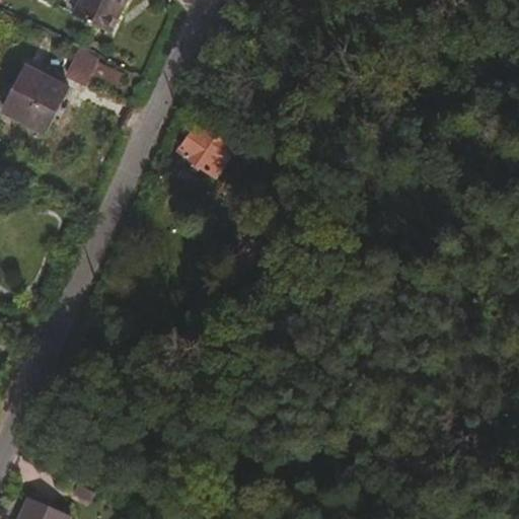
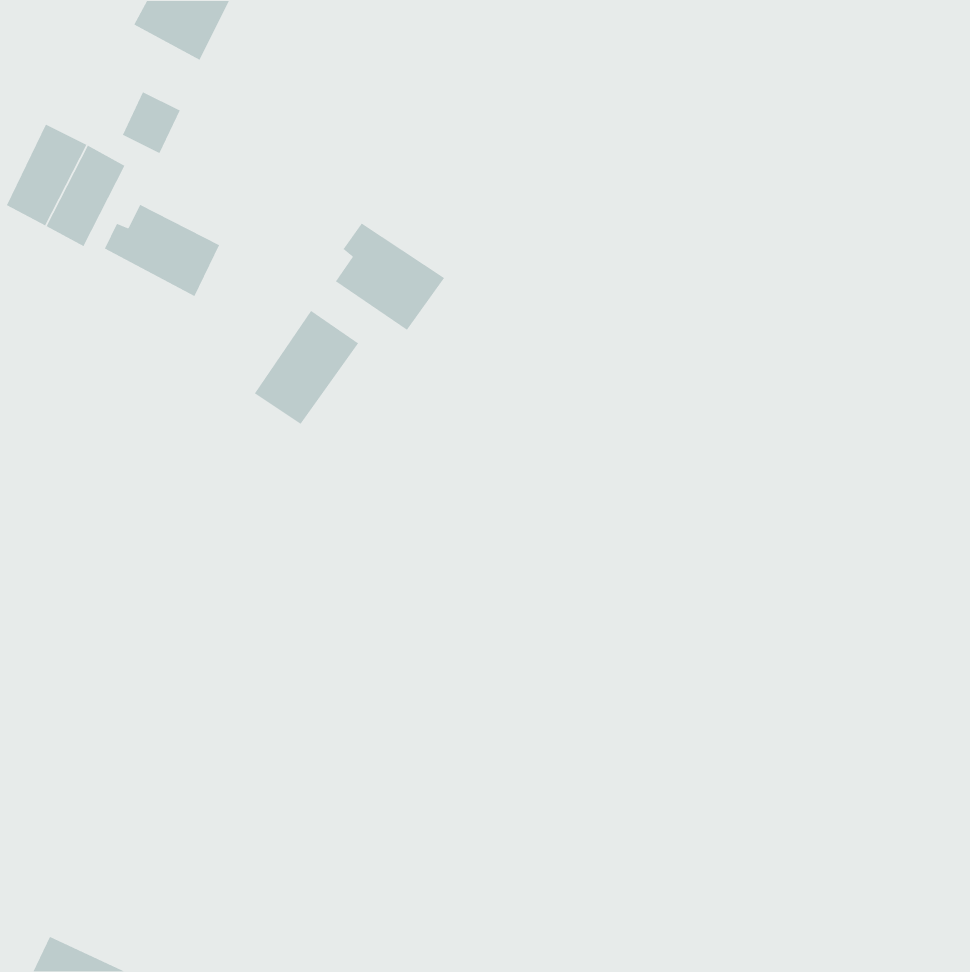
building: none -> [104,204,220,297]
building: none -> [254,310,359,425]

